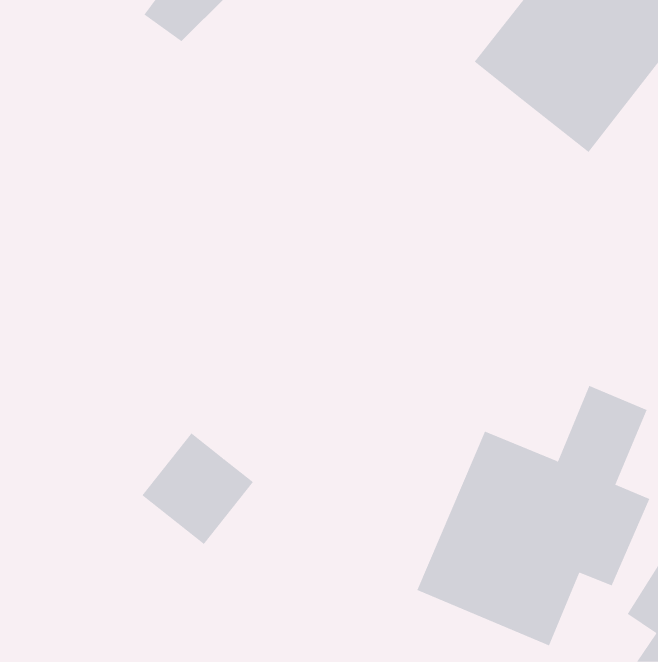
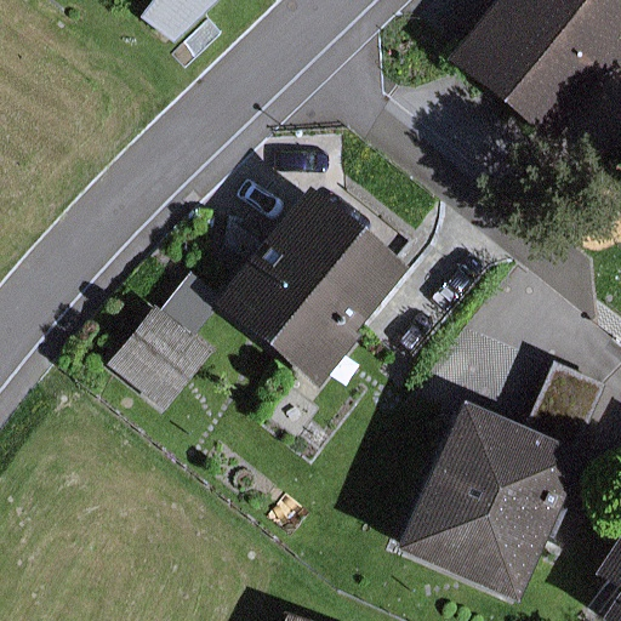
building: none -> [215,187,421,387]
building: [141,432,254,545] -> [110,302,215,406]

